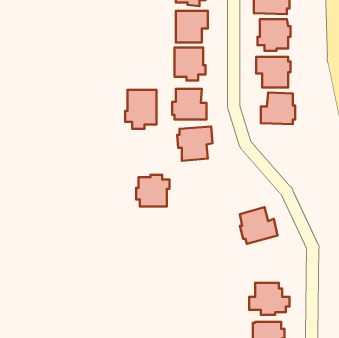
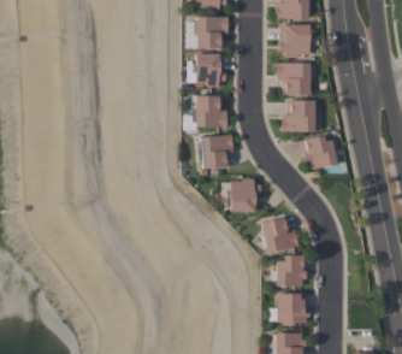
building: [125,90,157,129] -> none
building: none -> [305,135,341,169]
building: [136,175,169,207] -> [227,178,261,211]
building: none -> [277,254,307,285]

